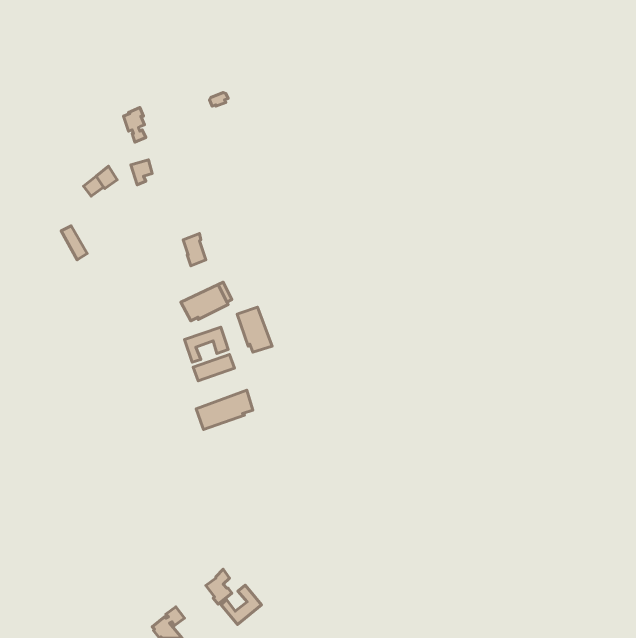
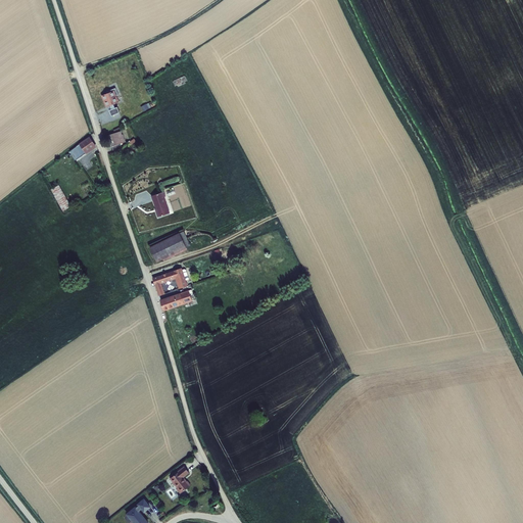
building: [237,307,272,352] -> none
building: [196,390,253,429] -> none
building: [221,585,261,625] -> none

